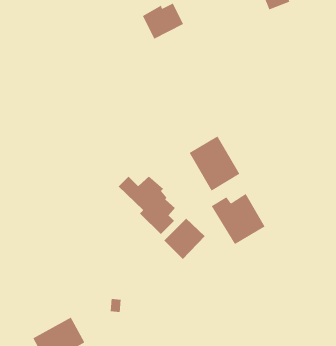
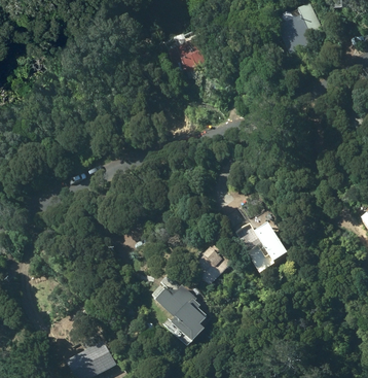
building: [189,135,240,192] -> none
building: [118,176,176,235] -> [151,285,207,342]

